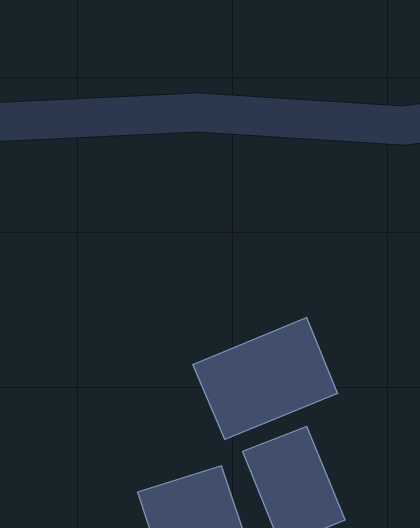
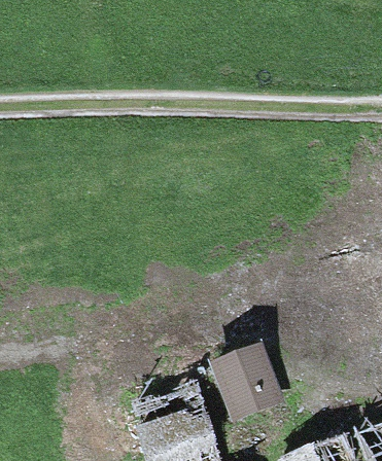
building: [193,317,338,440] -> none

